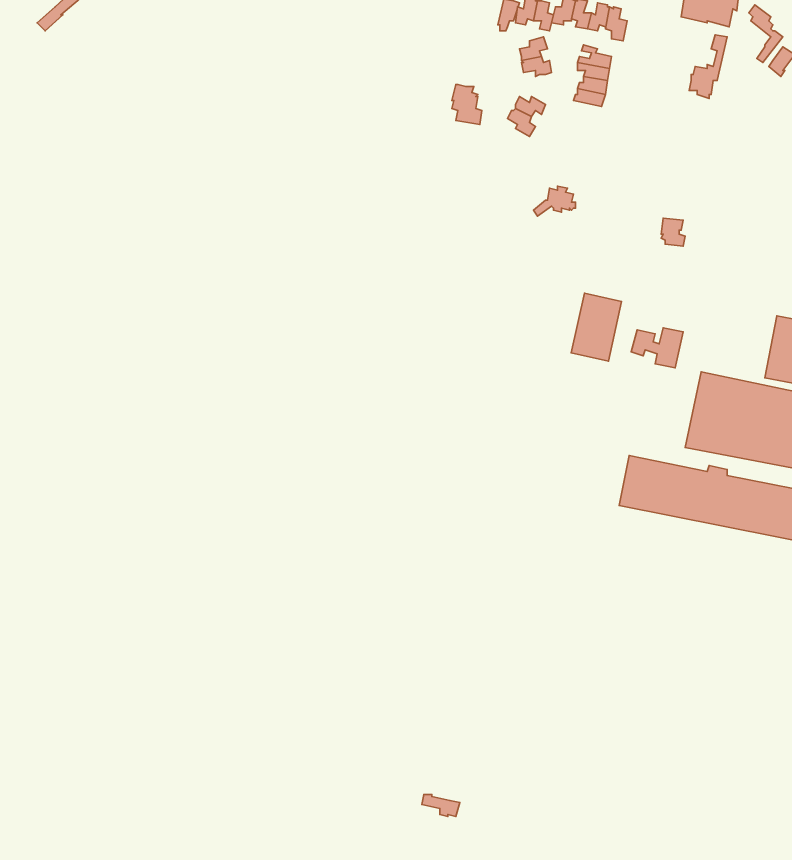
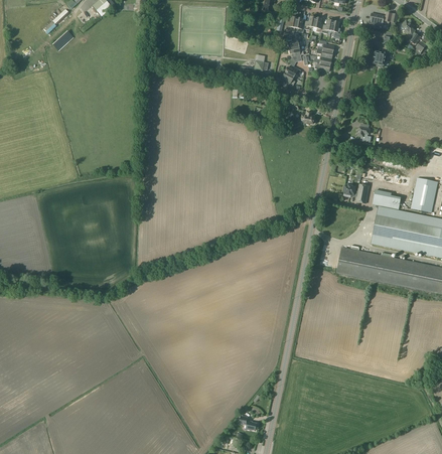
building: [571,293,622,361] -> none
building: none -> [373,189,401,209]

